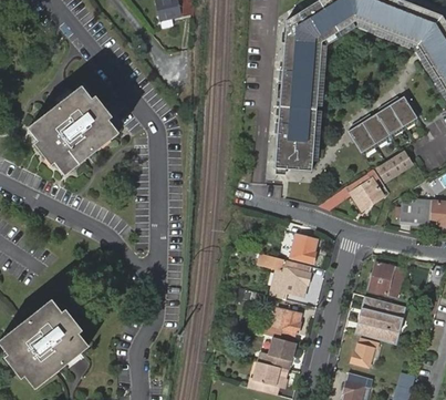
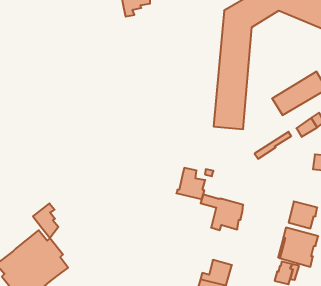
building: [28,86,118,176] -> none
building: [351,180,383,211] -> none
building: [281,224,318,264] -> [176,168,205,199]
building: none -> [33,203,58,238]
building: [263,308,301,341] -> none

